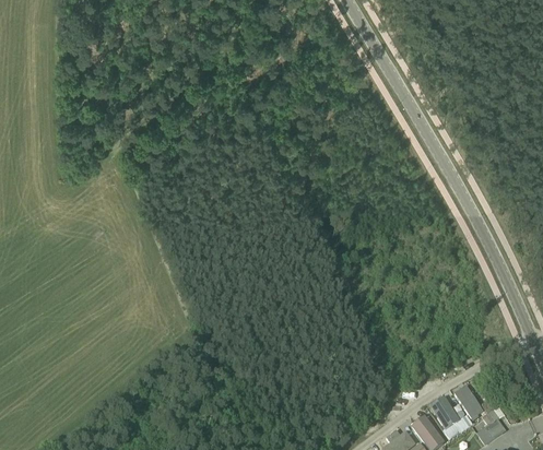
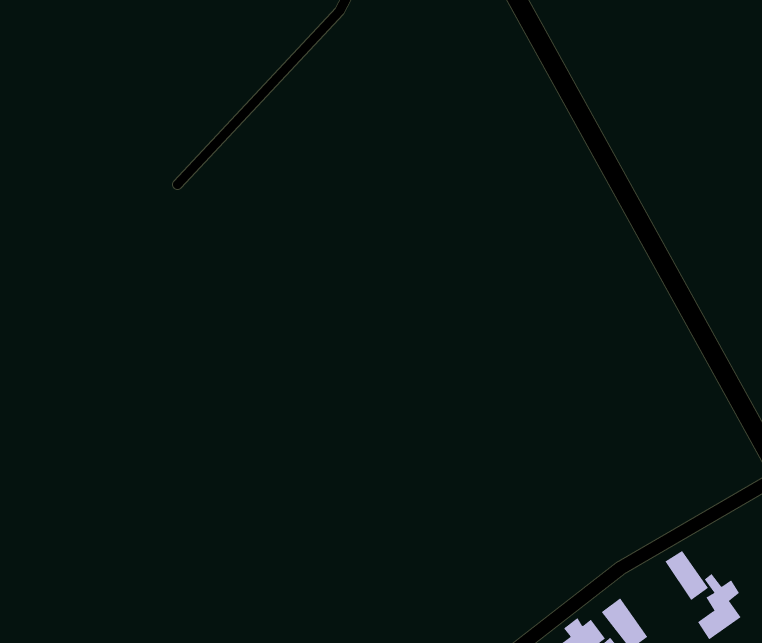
building: [430,395,460,429] -> none

